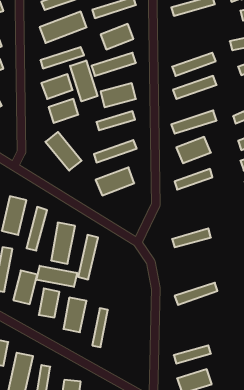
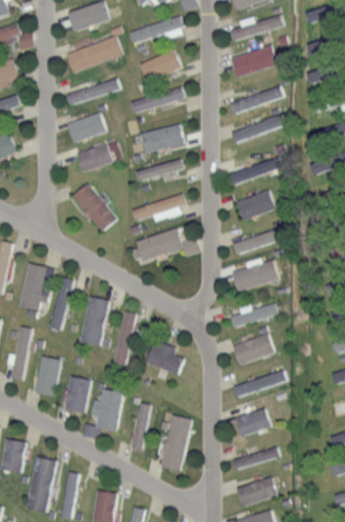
building: none -> [231,43,279,76]
building: [70,60,98,101] -> none
building: none -> [232,260,280,292]
building: none -> [232,332,276,365]
building: none -> [146,340,187,376]
building: [37,266,77,287] -> none
building: none -> [234,405,278,437]
building: none -> [160,414,193,471]

